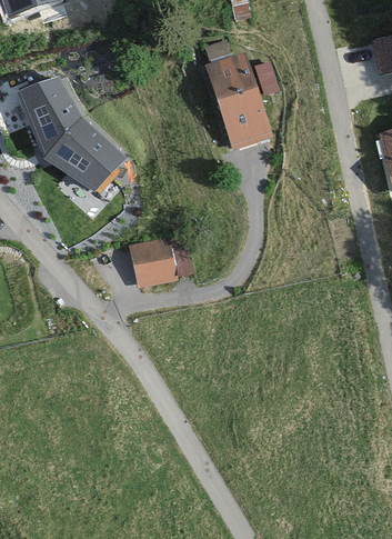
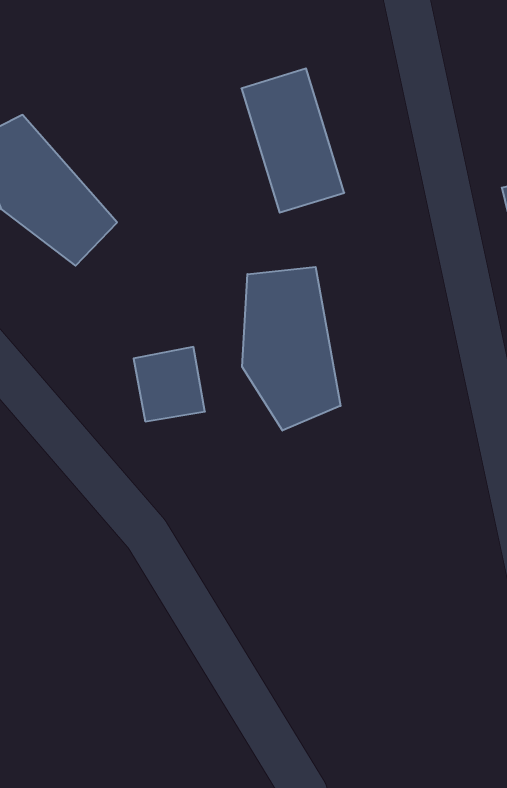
building: none -> [242,267,341,431]

